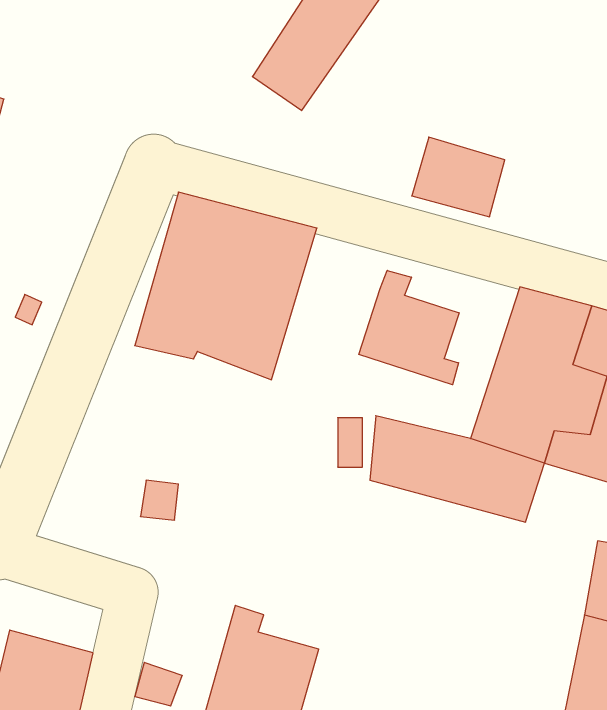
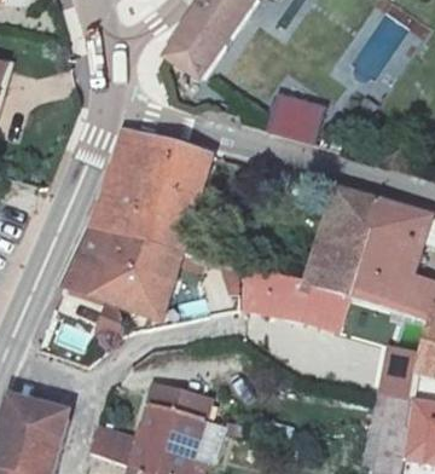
building: [359,270,459,385] -> none
building: none -> [62,222,180,310]

